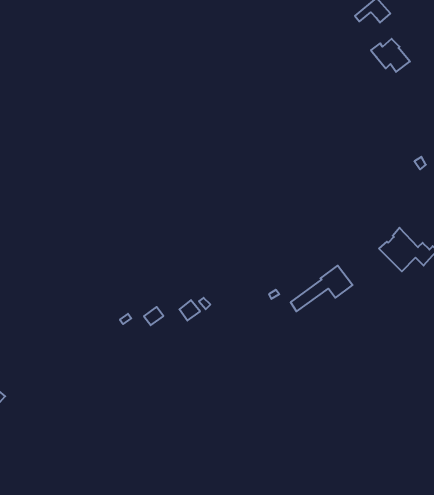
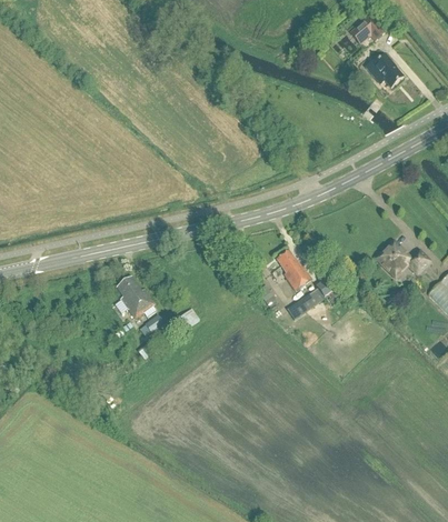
building: none -> [277,249,312,290]
building: none -> [115,277,157,318]

